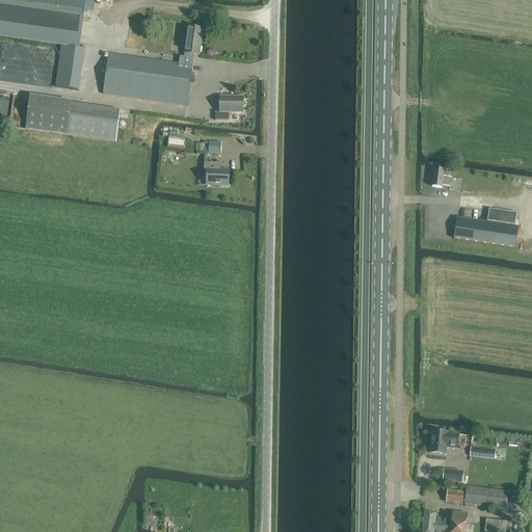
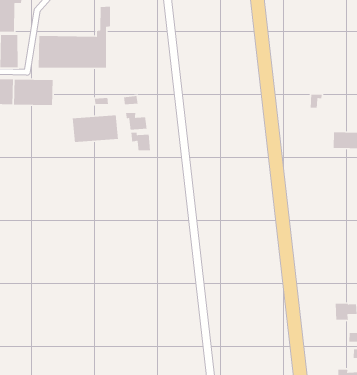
building: [214,95,242,118] -> none
building: none -> [72,114,119,143]
building: none -> [131,132,151,151]

